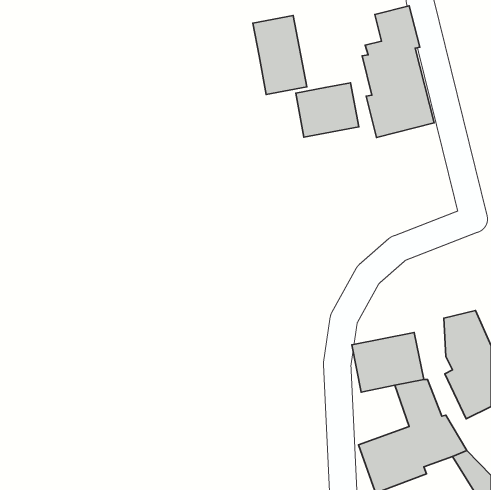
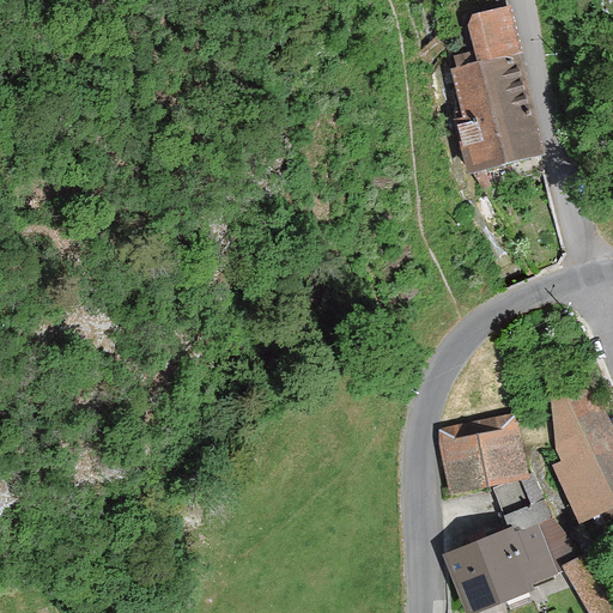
building: [253,16,307,94] -> none
building: [296,83,359,137] -> none

